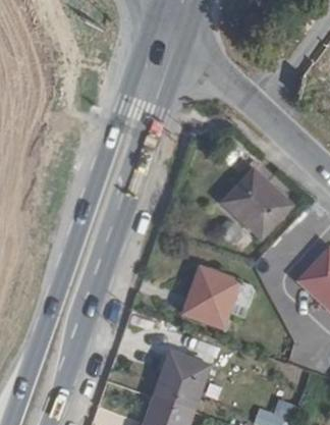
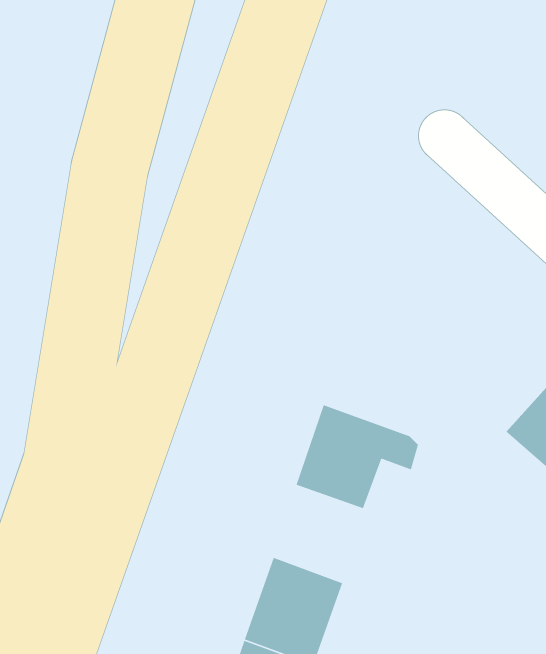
building: [224,171,291,237] -> none

